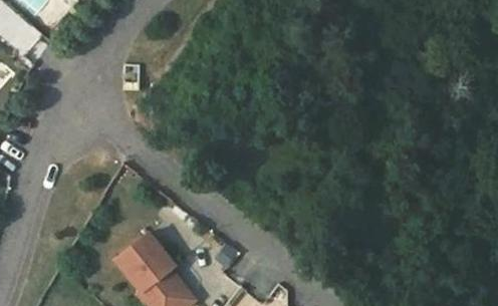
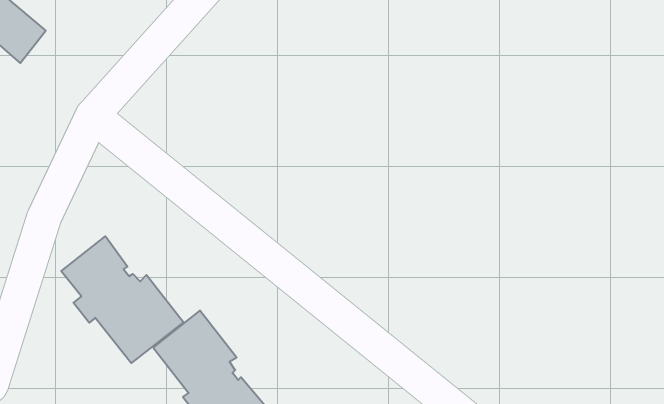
building: none -> [61,236,184,363]

